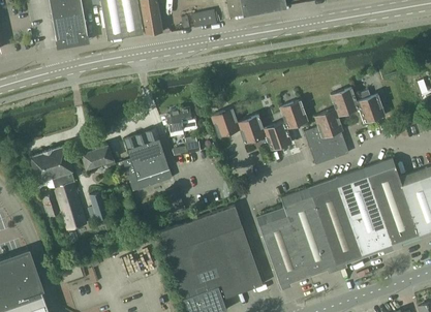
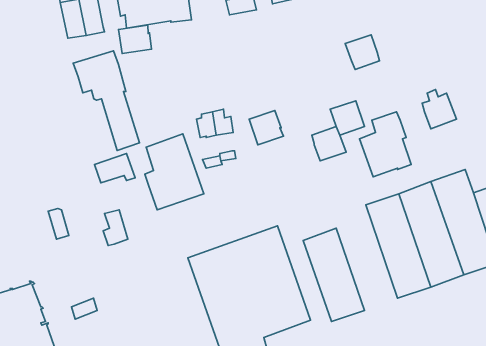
building: none -> [119,25,151,54]
building: [330,87,359,116] -> [345,35,380,69]
building: [237,114,266,144] -> none
building: [30,146,86,229] -> [73,51,139,150]
building: [280,187,336,276] -> none

